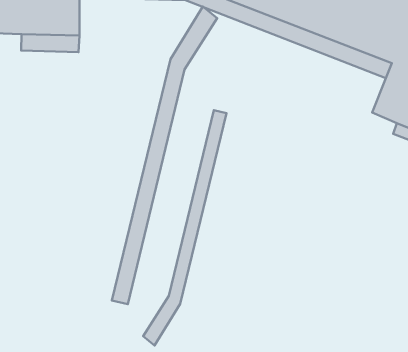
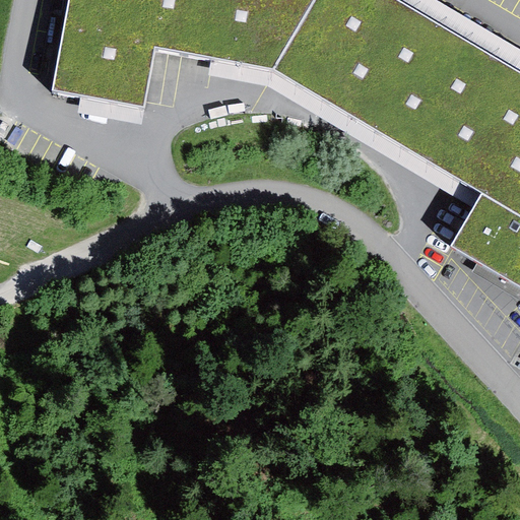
building: [112,6,217,304] -> none
building: [143,110,227,345] -> none

